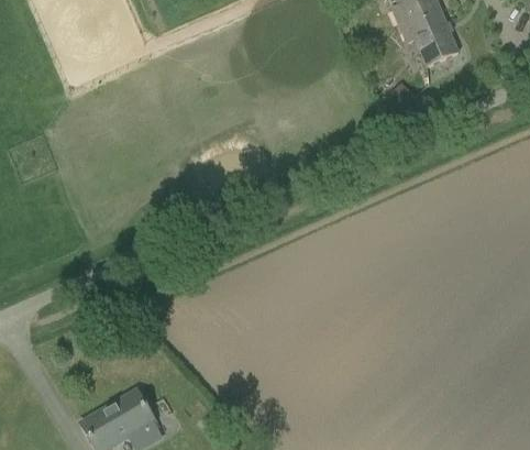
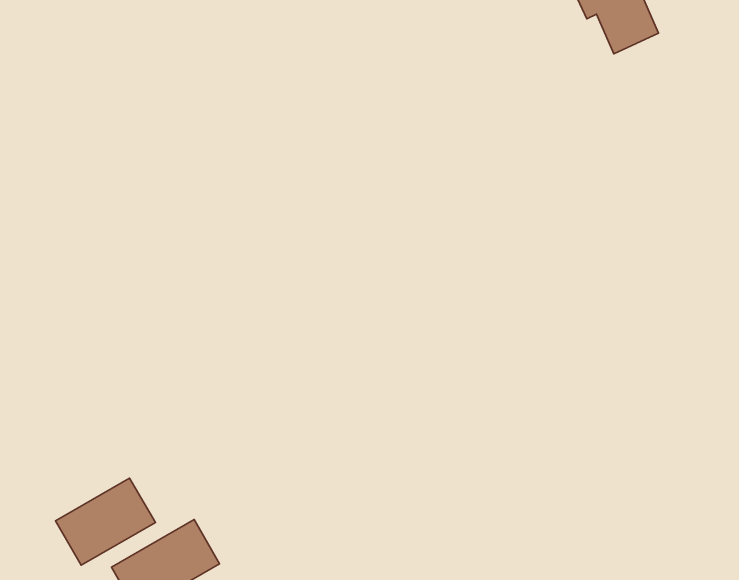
building: none -> [56,478,155,565]

